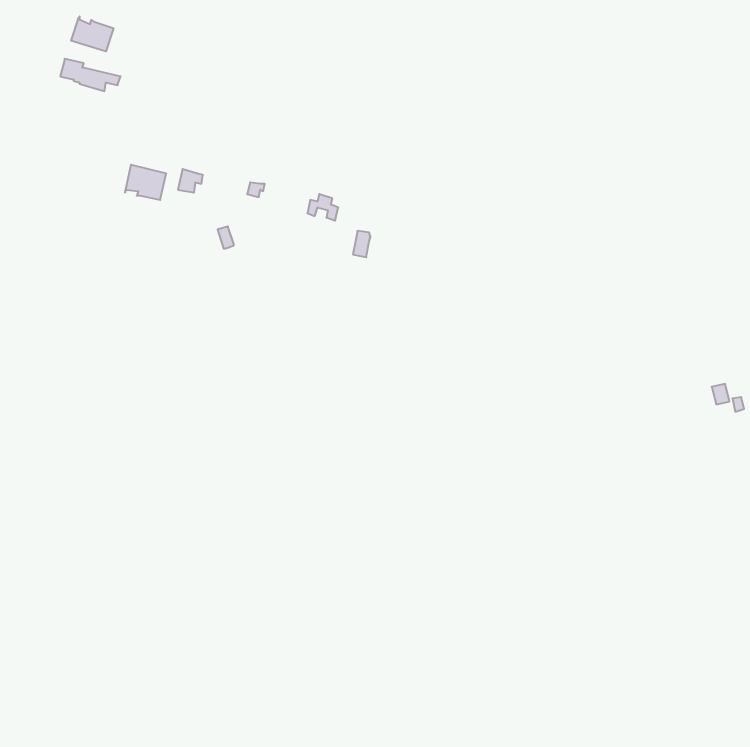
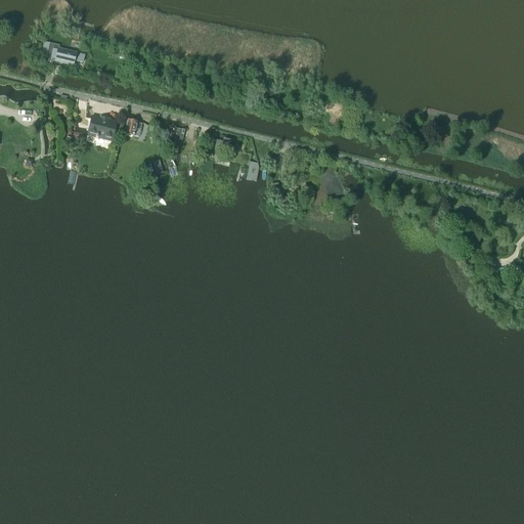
building: [71,16,114,51] -> none

